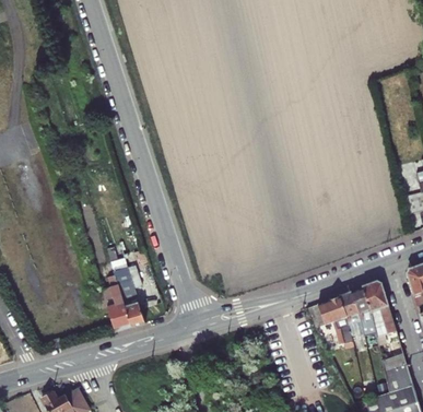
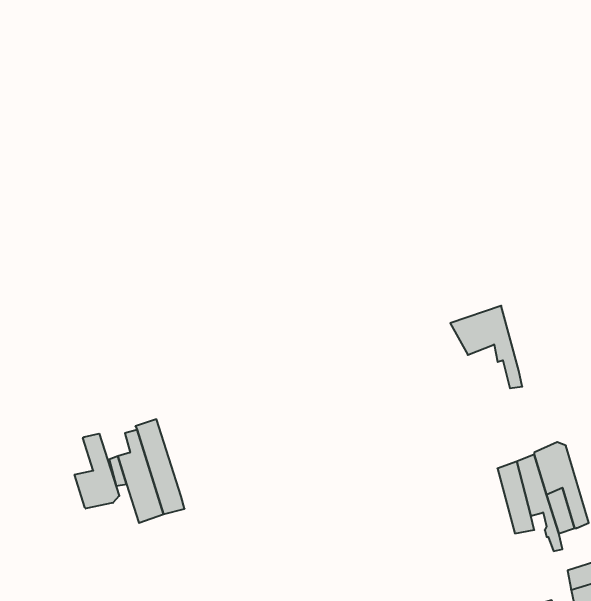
building: none -> [75,434,119,509]
building: [307,297,352,349] -> [450,306,522,388]

